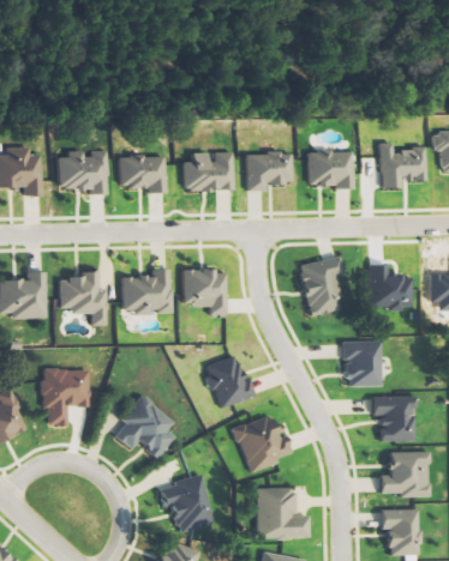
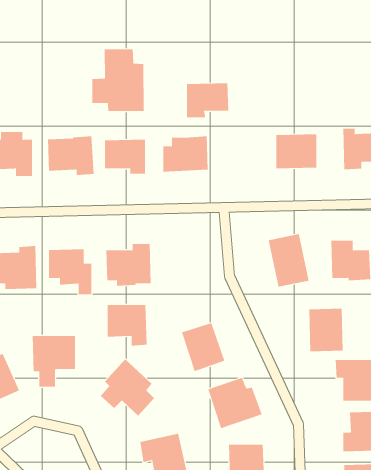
building: none -> [92,49,144,112]
building: [245,152,292,191] -> [186,83,229,118]
building: [181,270,226,315] -> [107,304,147,346]

